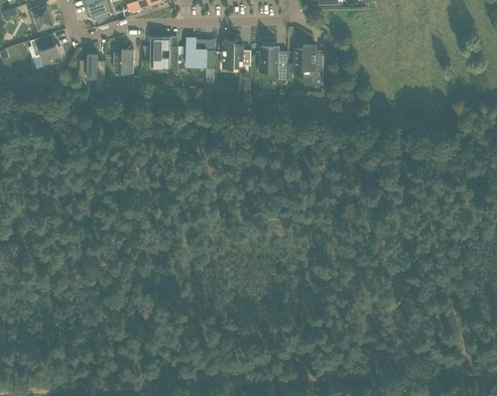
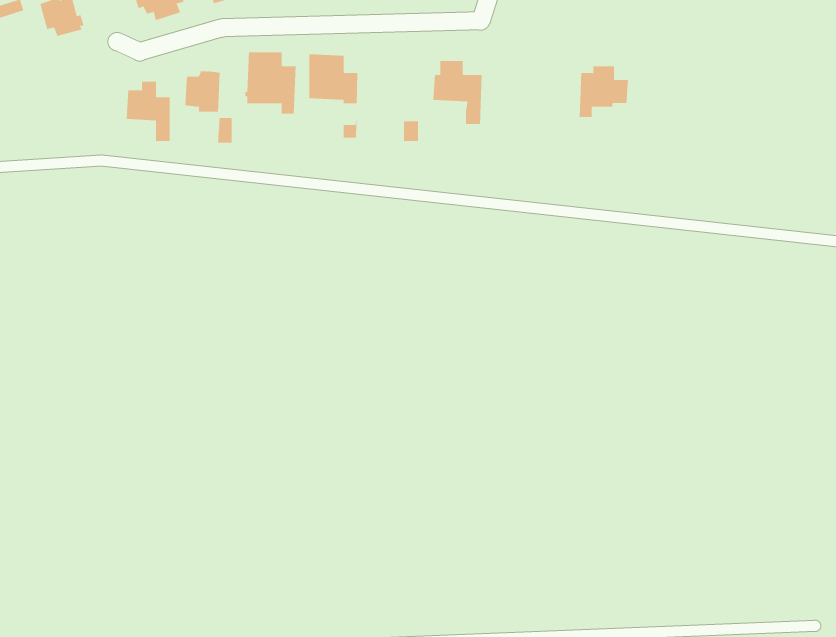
building: [29,34,63,67] -> none
building: [221,41,250,69] -> none
building: [293,45,323,76] -> [579,66,629,117]

